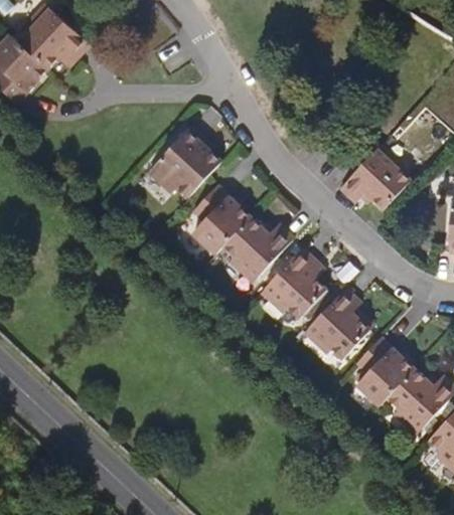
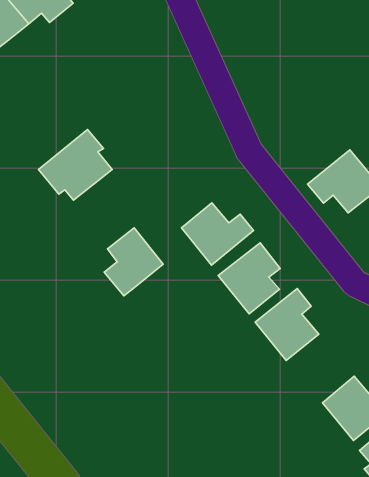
building: [149,128,220,198] -> [39,130,112,200]
building: [192,187,249,254] -> [104,228,163,296]
building: [355,337,411,404] -> none

